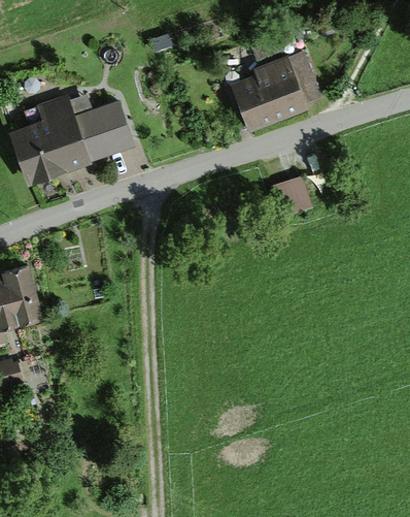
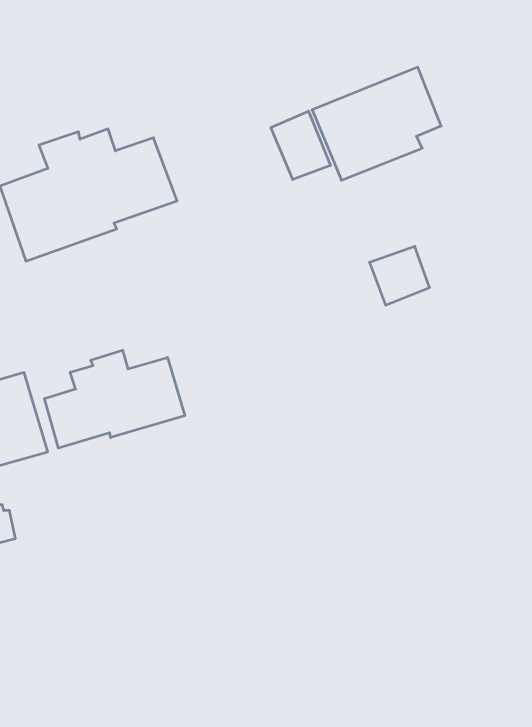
building: none -> [271,111,330,180]
building: none -> [45,350,185,448]

